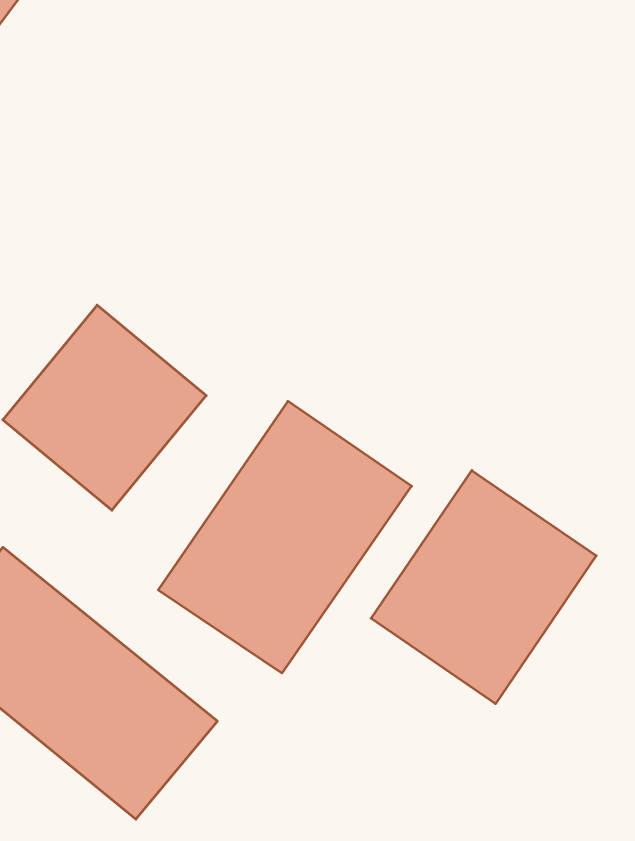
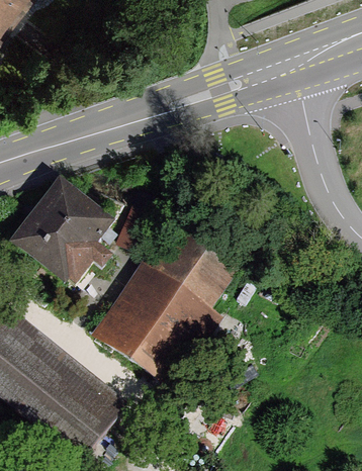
building: [371,470,596,704] -> none

